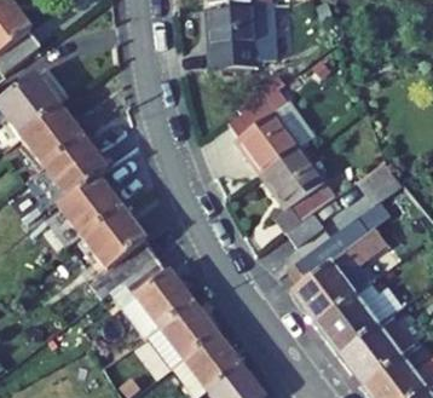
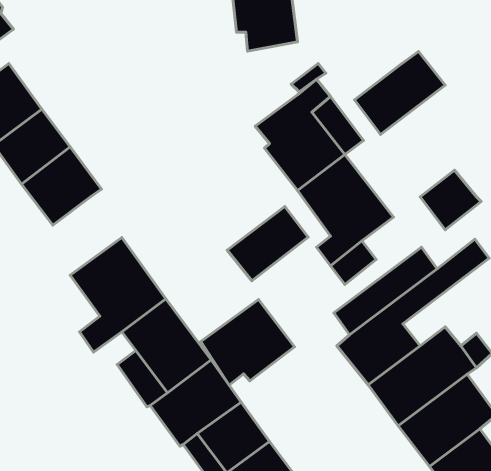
building: none -> [355,52,445,135]
building: [62,177,125,237] -> none
building: none -> [227,207,308,281]
building: none -> [201,299,295,385]

